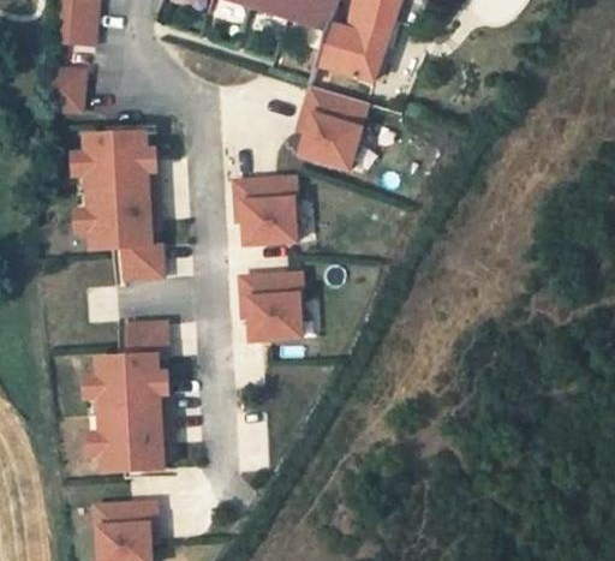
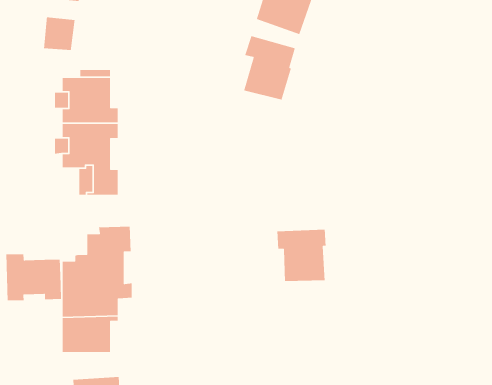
building: [241,173,303,238] -> none
building: [246,271,308,336] -> [276,229,326,282]
building: none -> [5,253,62,301]

